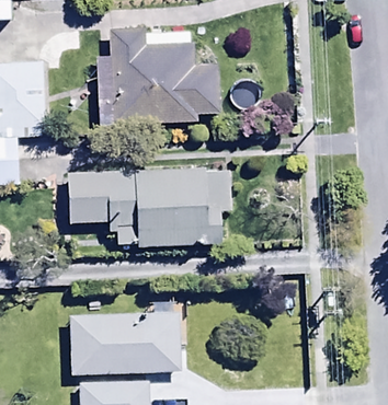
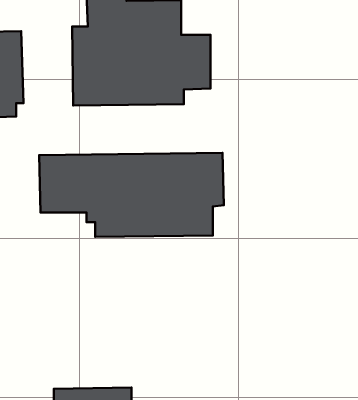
building: [68,312,187,373] -> none

